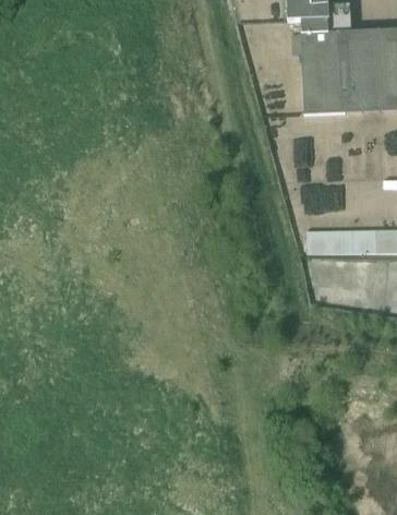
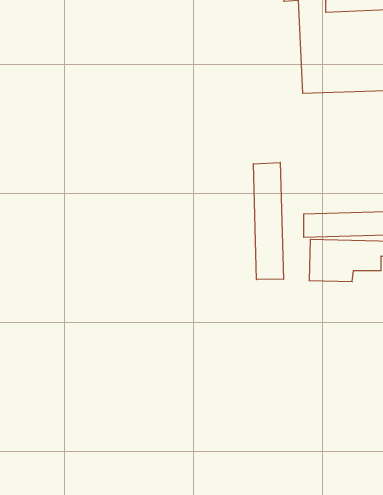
building: none -> [253,162,284,280]

